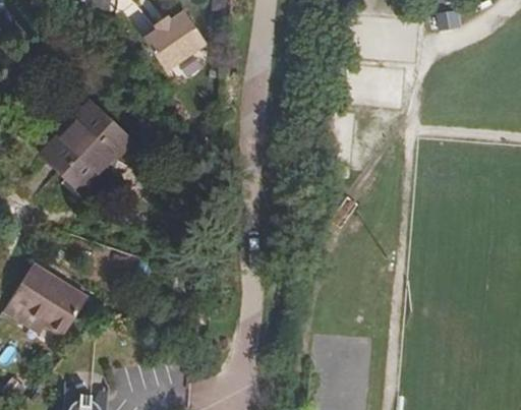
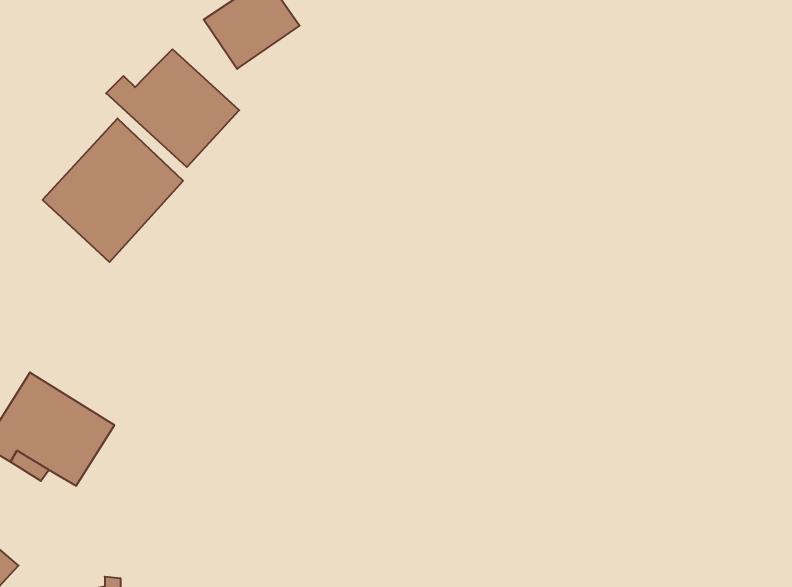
building: none -> [106,49,239,167]

